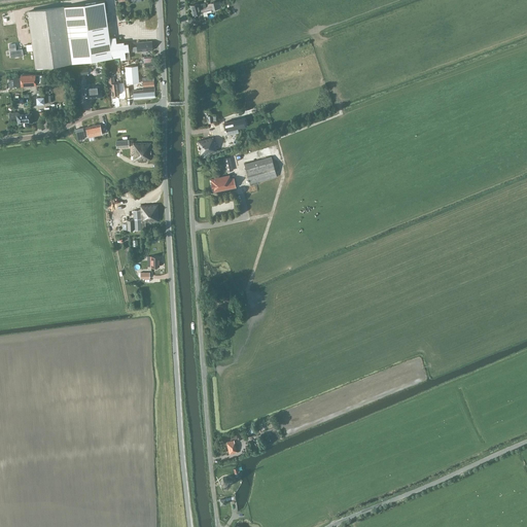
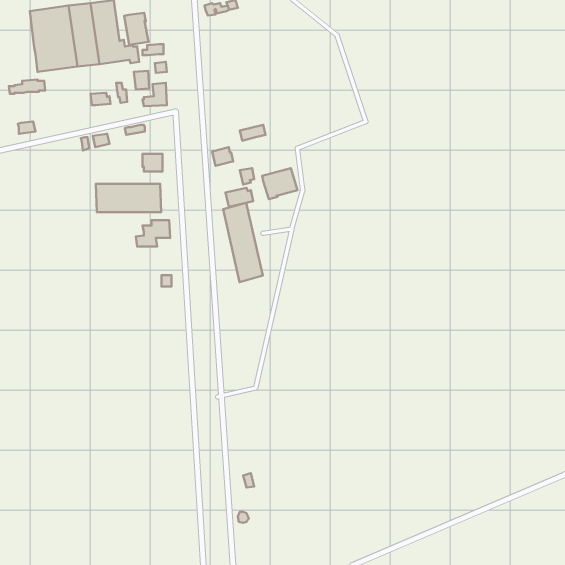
building: none -> [124,13,148,45]
building: none -> [96,184,161,212]
building: none -> [223,203,263,282]

